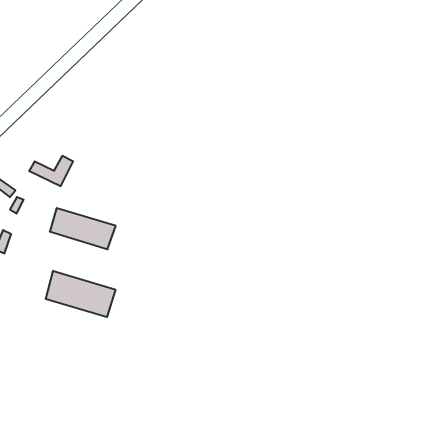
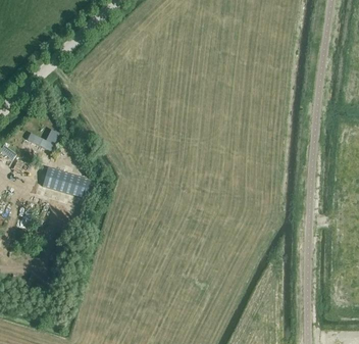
building: [46,271,115,317] -> none

